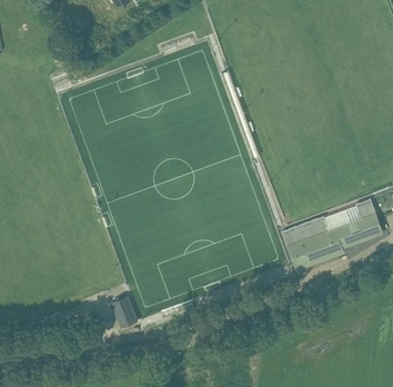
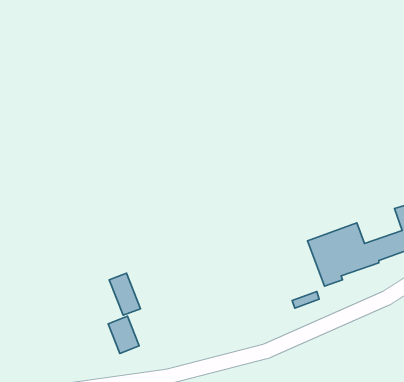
building: none -> [109,273,140,315]

